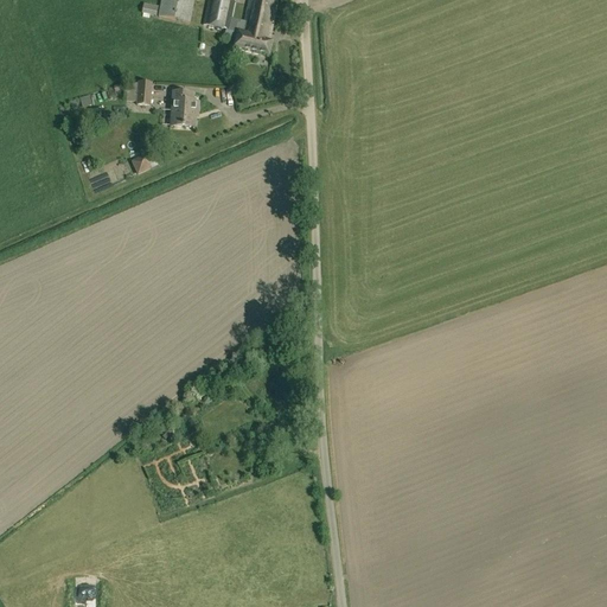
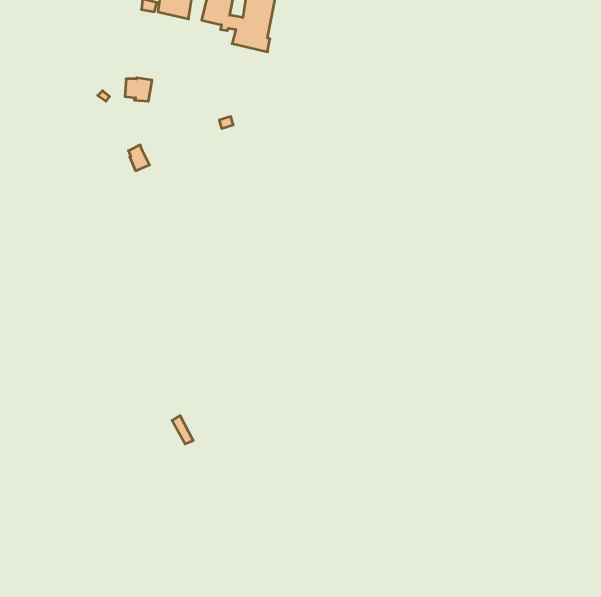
building: [171,89,199,124] -> none

